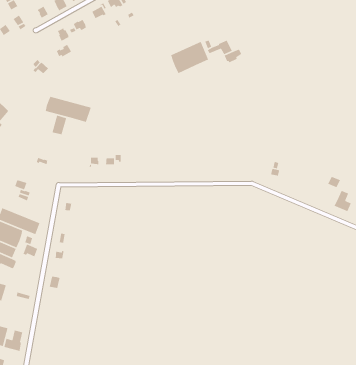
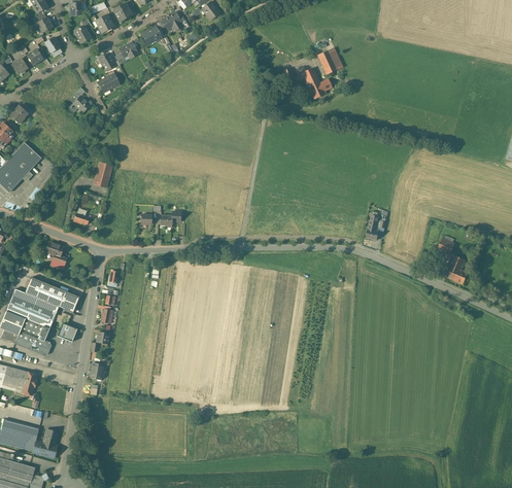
building: none -> [317,47,342,74]
building: [170,41,209,74] -> none
building: [45,96,92,123] -> none

